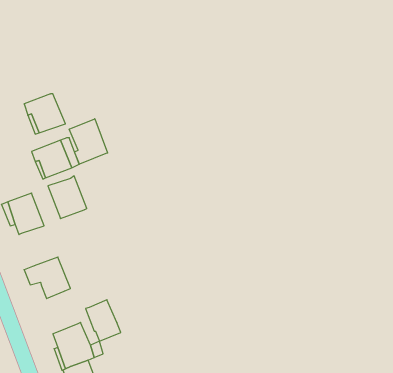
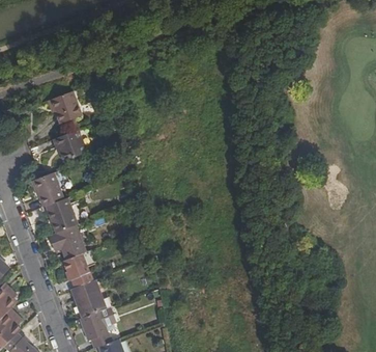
building: [69,119,108,164] -> none
building: [48,176,87,219] -> [46,196,78,232]
building: [86,300,121,341] -> [63,252,92,287]

